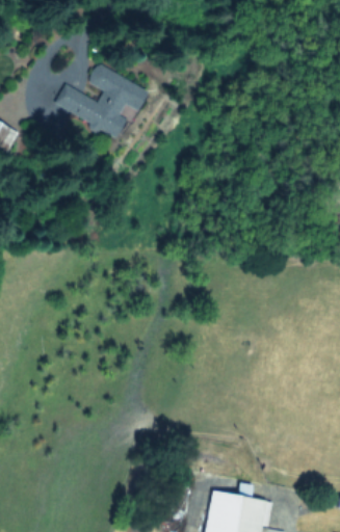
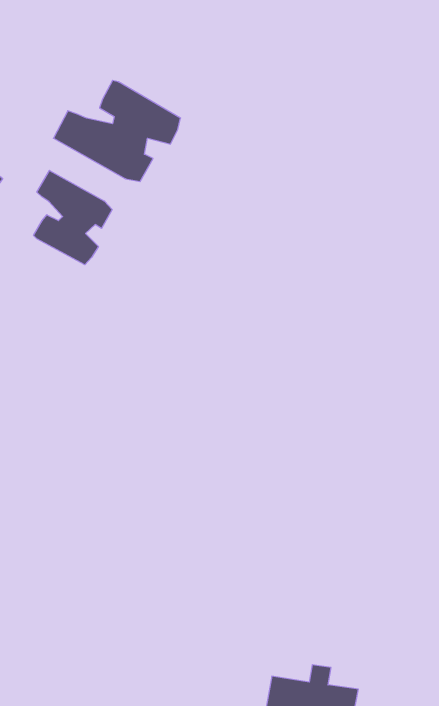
building: none -> [34,170,112,265]

